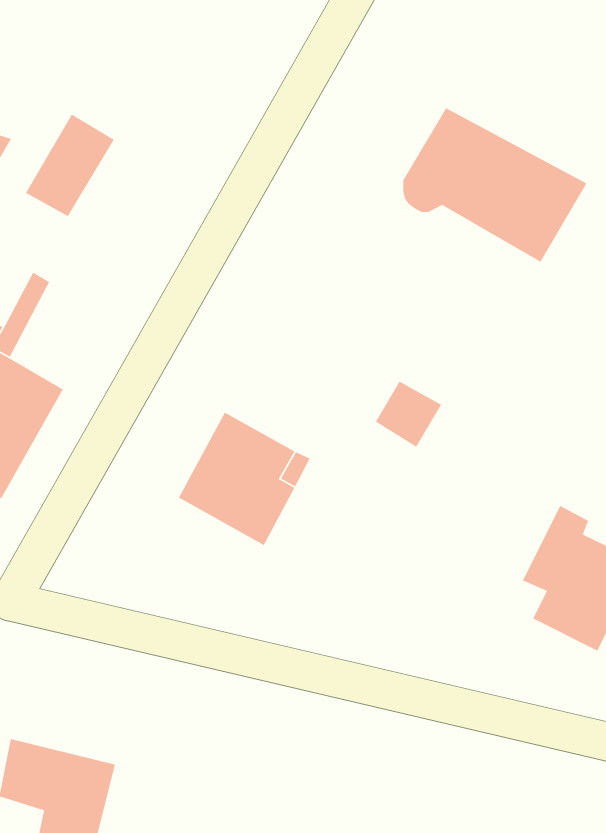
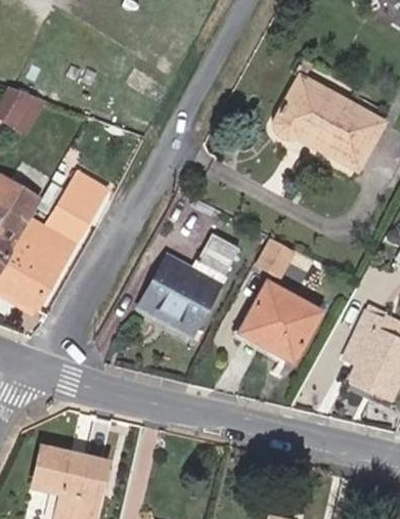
building: [25,114,115,217] -> [52,174,105,235]
building: none -> [197,233,239,274]
building: none -> [239,282,322,361]

